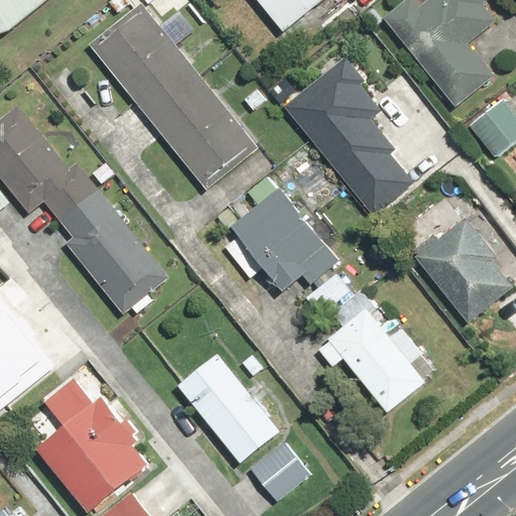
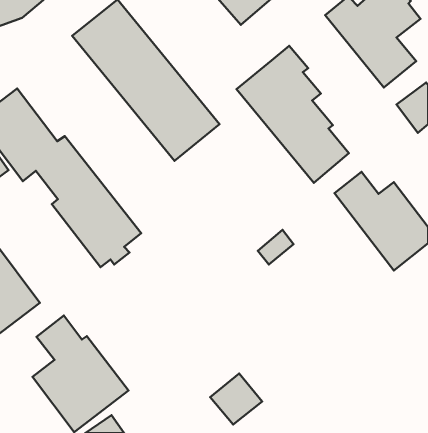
building: [222,170,337,295] -> none
building: [315,290,430,412] -> none
building: [177,353,279,465] -> none

